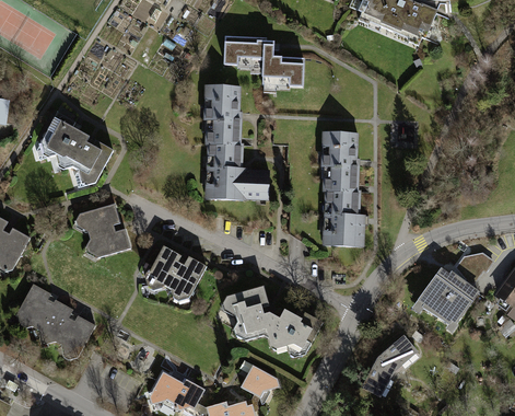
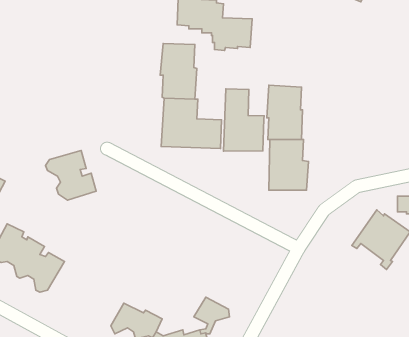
building: [39,111,114,183] -> none
building: none -> [224,89,264,151]
building: [144,245,207,300] -> none
building: [221,285,323,356] -> none
building: [361,335,418,397] -> none

